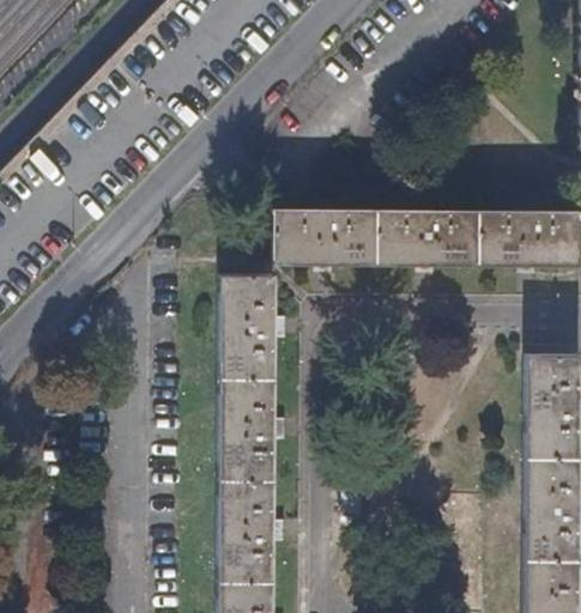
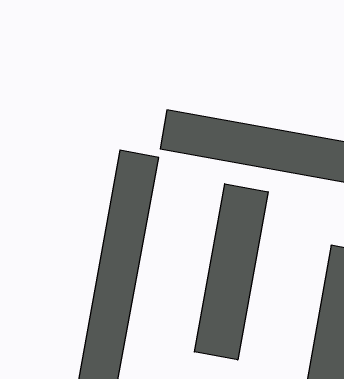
building: none -> [194,184,268,360]

